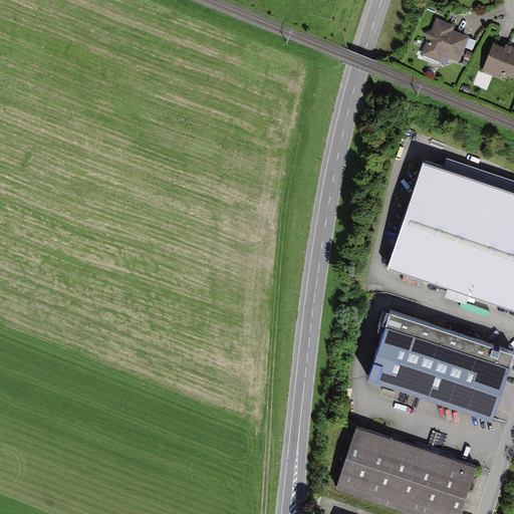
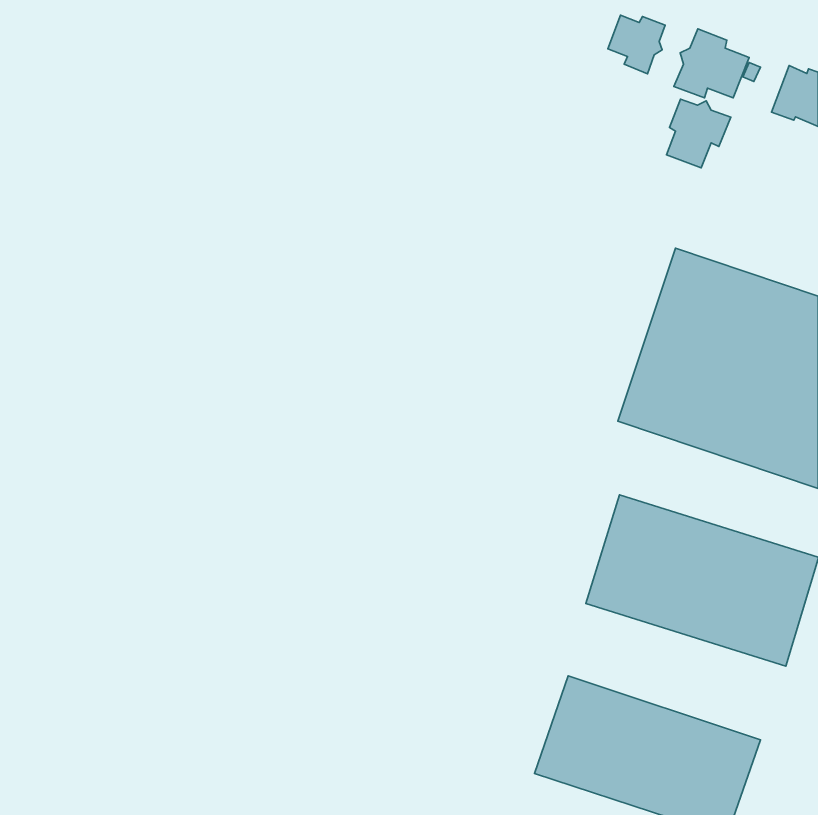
building: none -> [608,15,665,74]
building: none -> [667,99,731,168]

